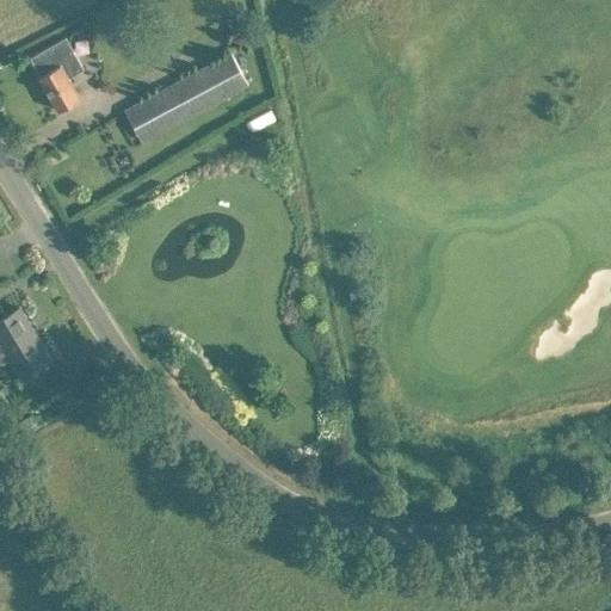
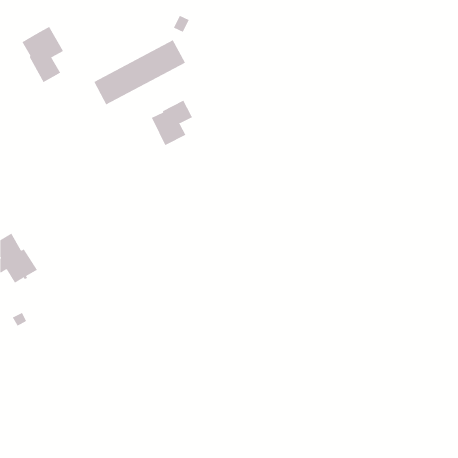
building: none -> [151,100,193,146]

